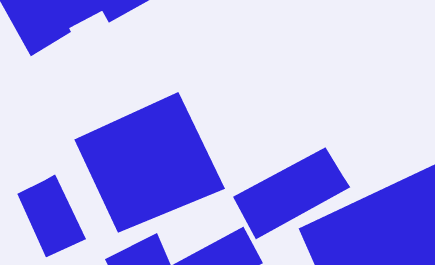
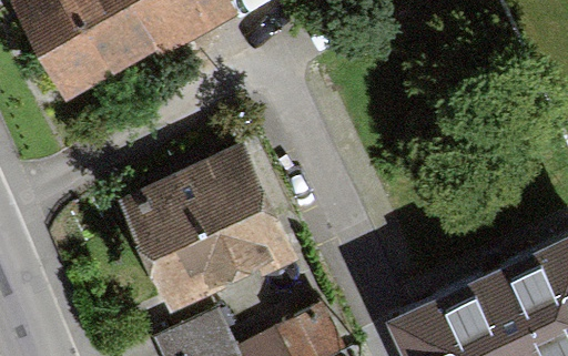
building: [232,146,352,241] -> none
building: [16,173,87,258] -> none

